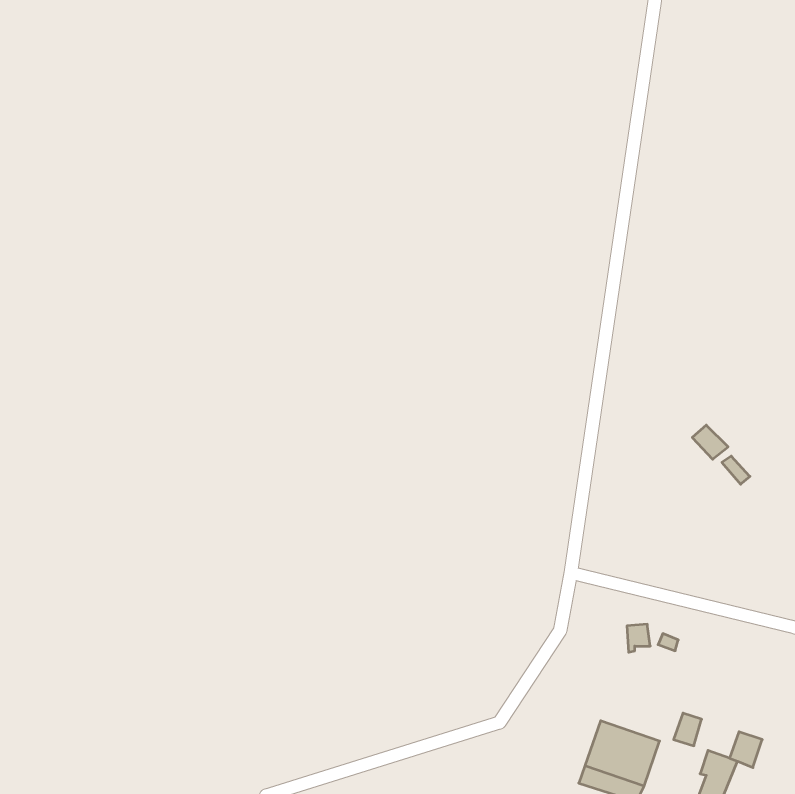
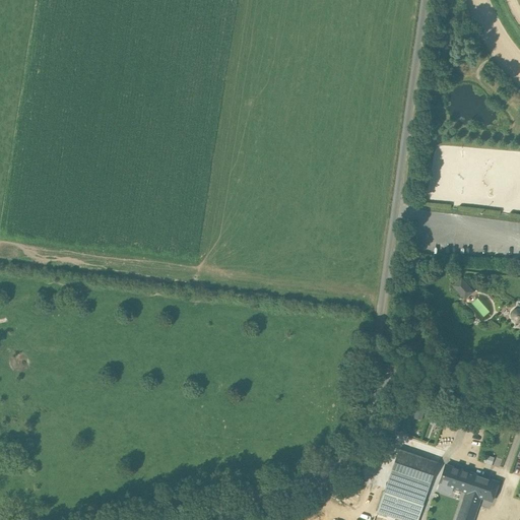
building: none -> [392,450,438,484]
building: none -> [453,470,482,496]

